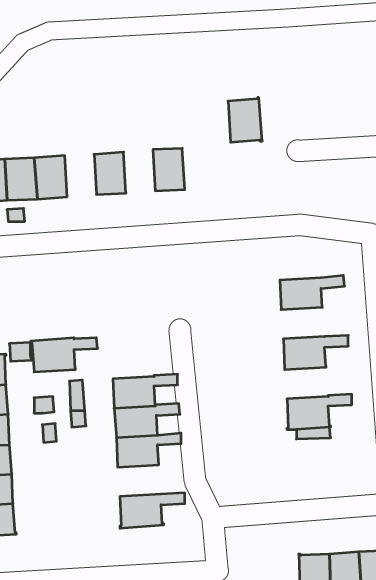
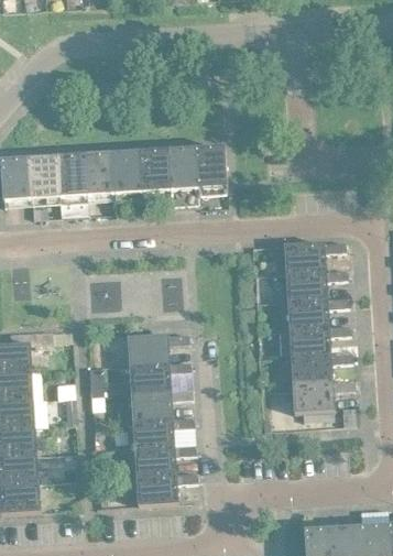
building: [228,98,262,142] -> [195,145,227,187]
building: none -> [140,150,170,190]
building: none -> [85,154,114,194]
building: none -> [283,240,346,272]
building: none -> [287,296,349,327]
building: [31,338,98,372] -> [127,332,189,364]
building: none -> [291,351,352,383]
building: none -> [134,443,196,475]

